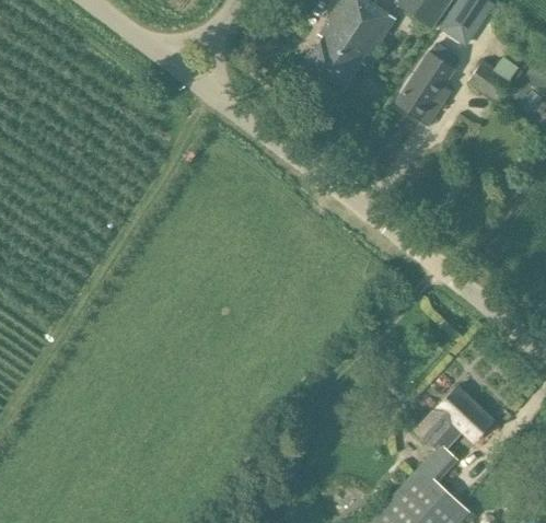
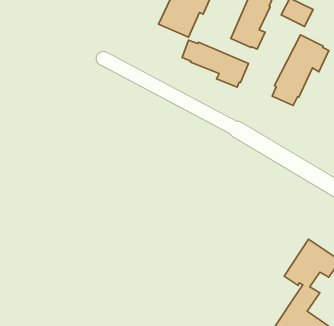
building: none -> [182,40,248,87]
building: none -> [272,35,329,106]

